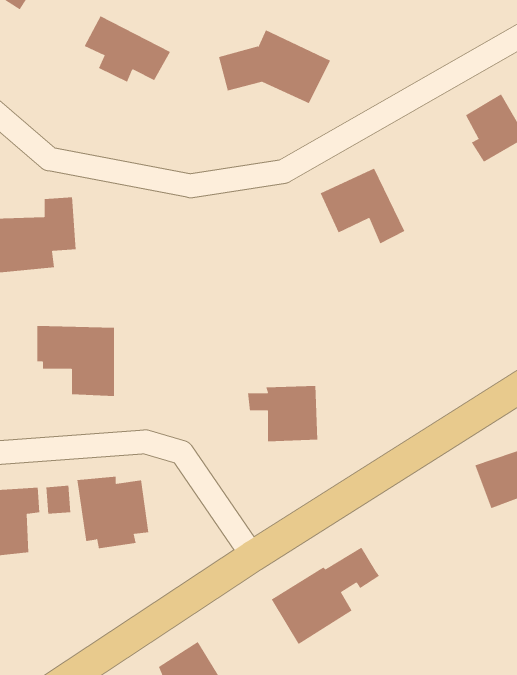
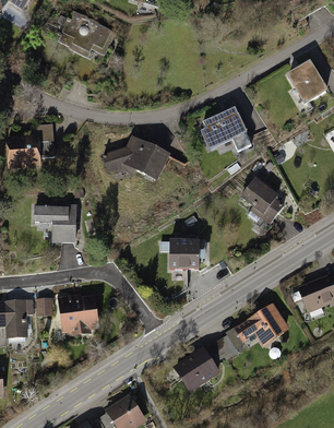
building: [218,30,331,104] -> [103,135,170,180]
building: none -> [241,176,284,224]
building: none -> [225,302,289,348]

